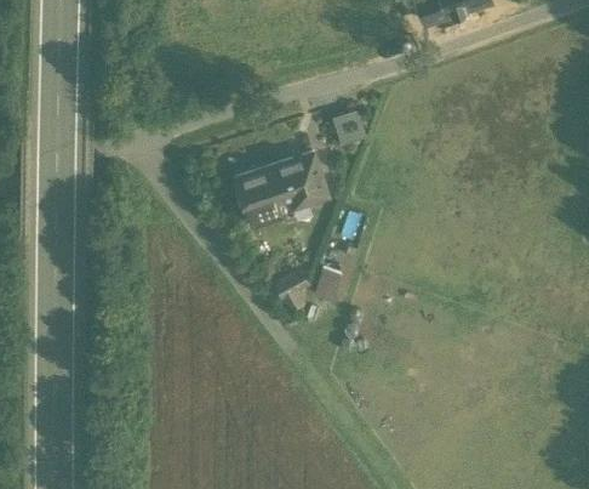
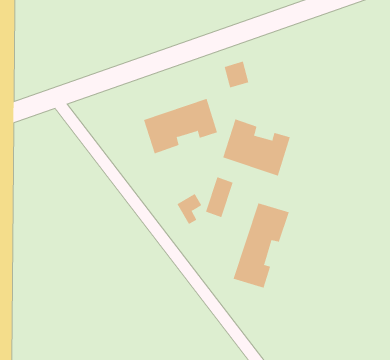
building: none -> [223,119,290,176]
building: none -> [233,202,289,289]

